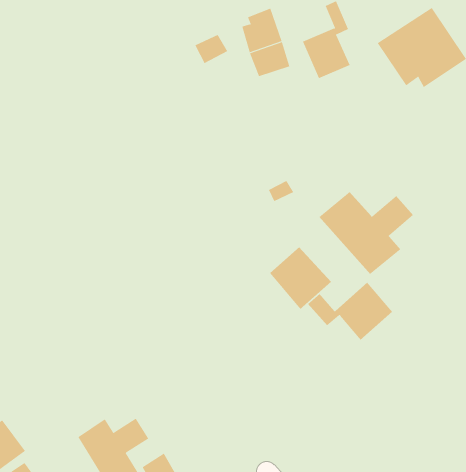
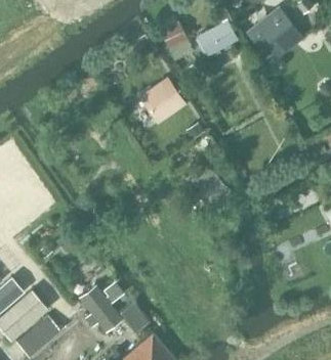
building: none -> [141,81,182,122]
building: [319,191,414,275] -> none
building: [307,282,393,340] -> none

